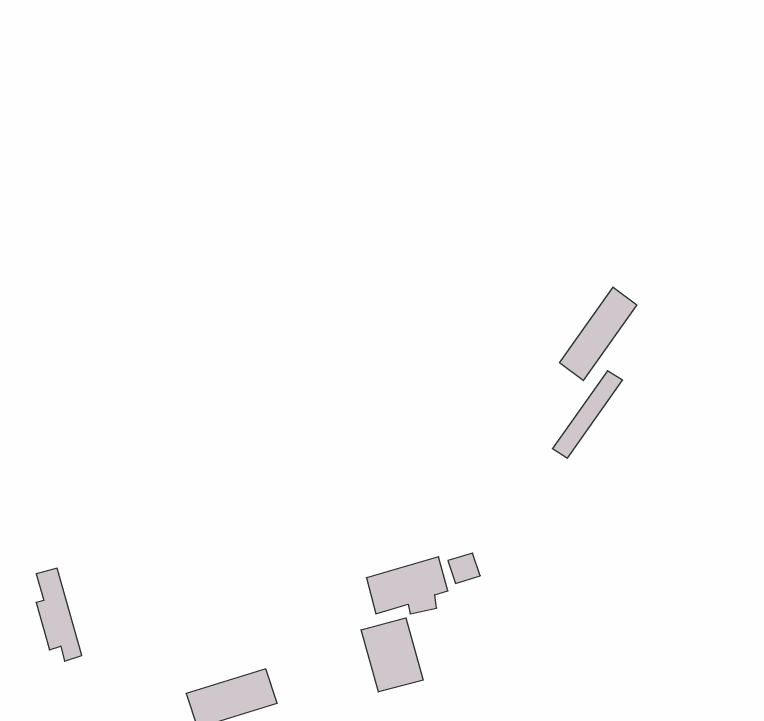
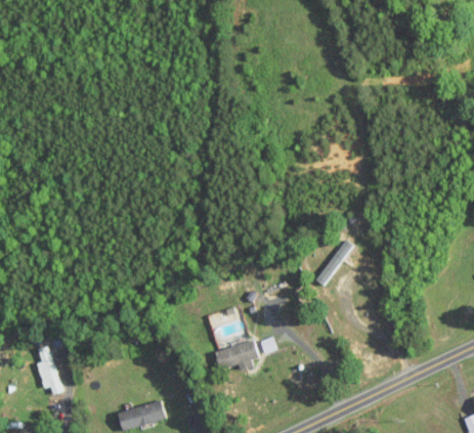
building: [560,287,637,381] -> none
building: [361,618,423,692] -> none

